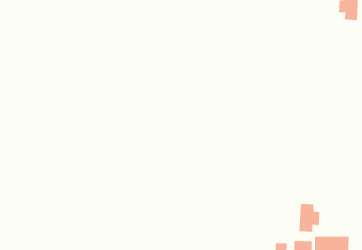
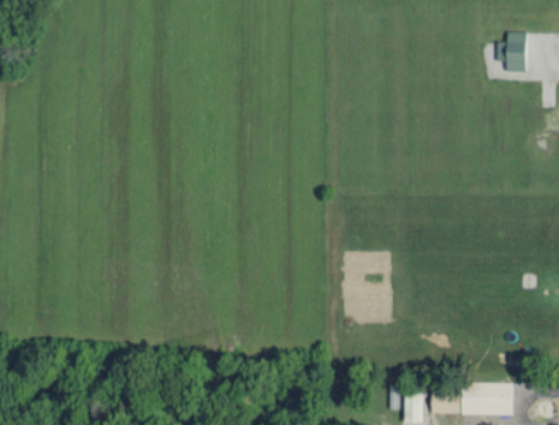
building: [299,203,320,232] -> none

